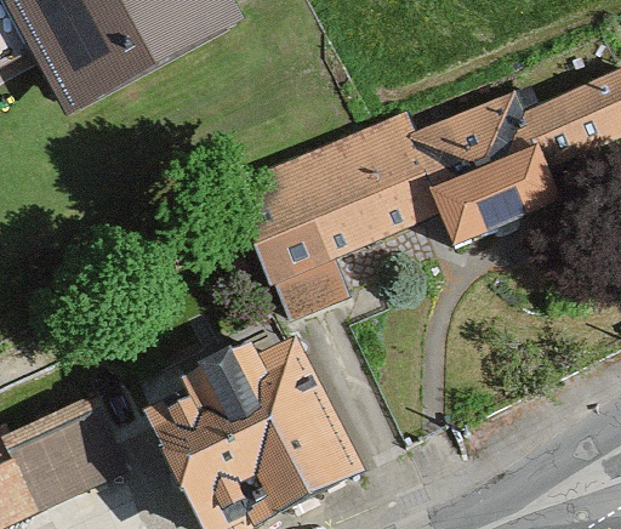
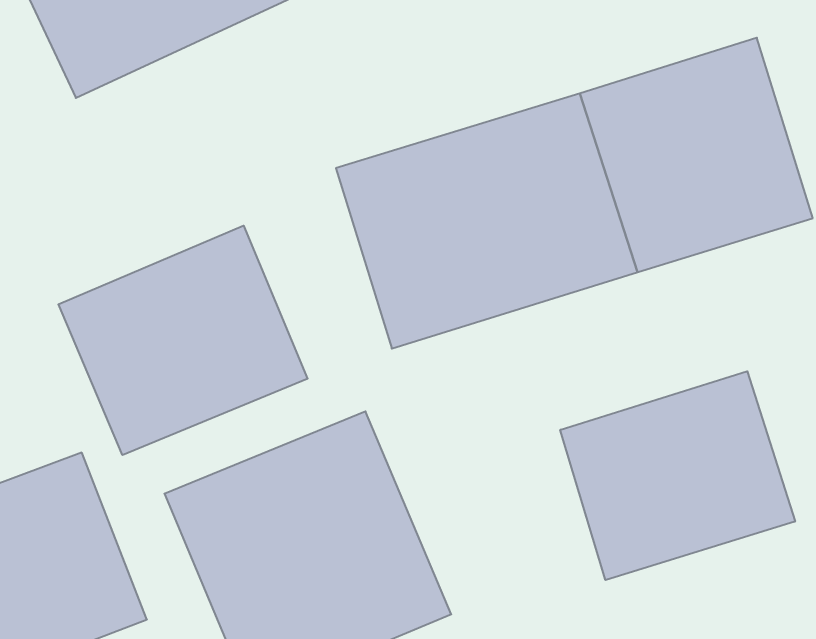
building: none -> [58,226,308,455]
building: none -> [560,371,795,580]

